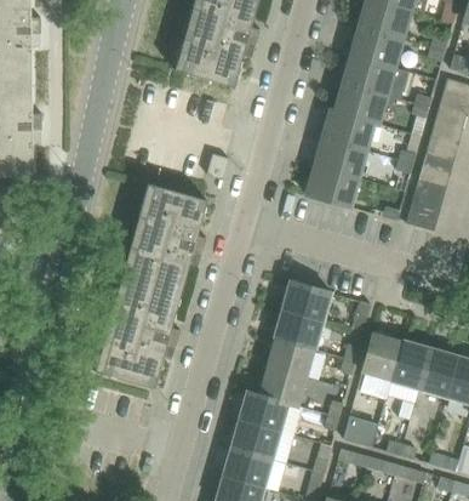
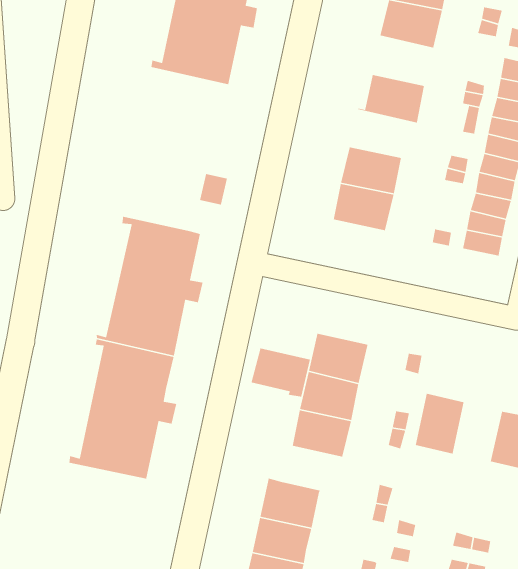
building: [344,56,393,96] -> none
building: [324,112,377,150] -> none
building: [390,341,429,388] -> none
building: [258,368,305,408] -> [251,348,311,397]

